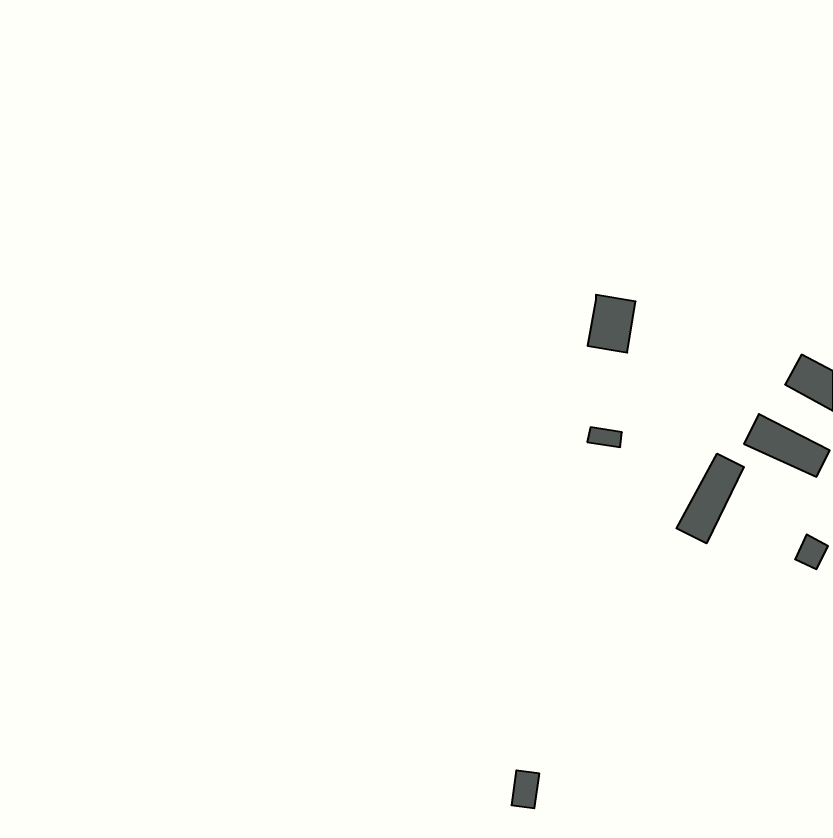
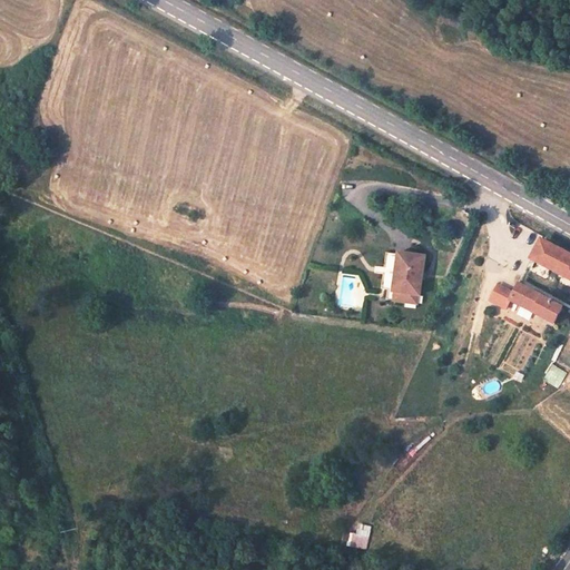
building: [588,295,636,353] -> [396,249,429,288]
building: [676,454,744,543] -> none

